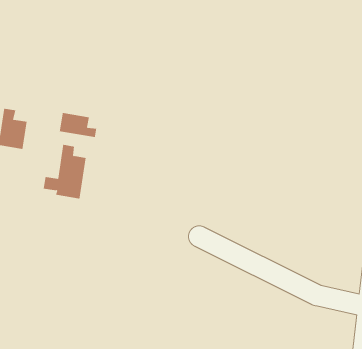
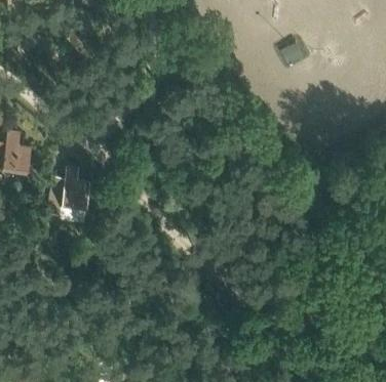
building: [59,112,97,138] -> none

